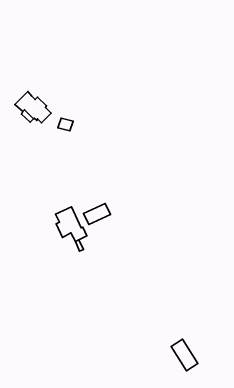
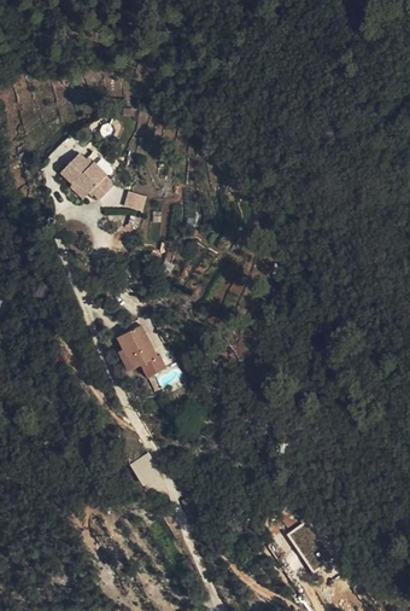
building: [84,203,110,225] -> none

